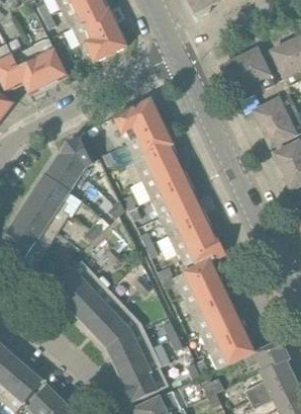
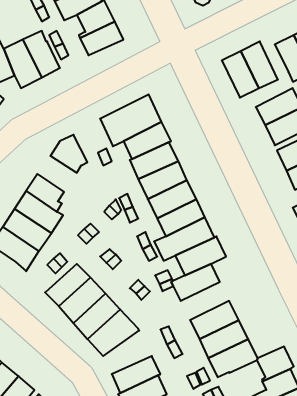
building: [44,157,85,191] -> none
building: [181,277,227,314] -> none
building: [107,324,154,365] -> none

